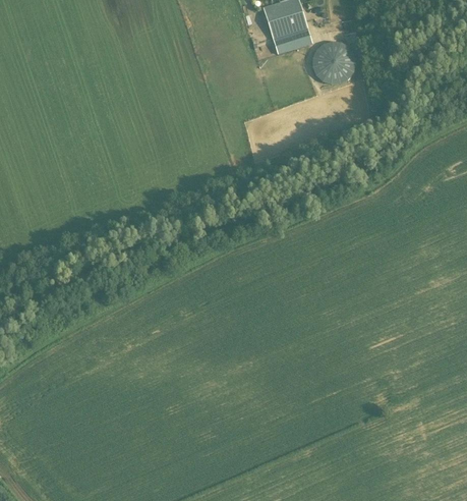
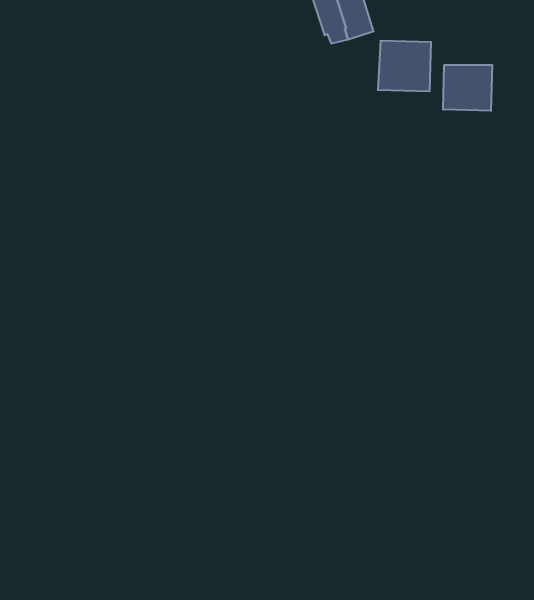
building: none -> [443,65,492,111]

